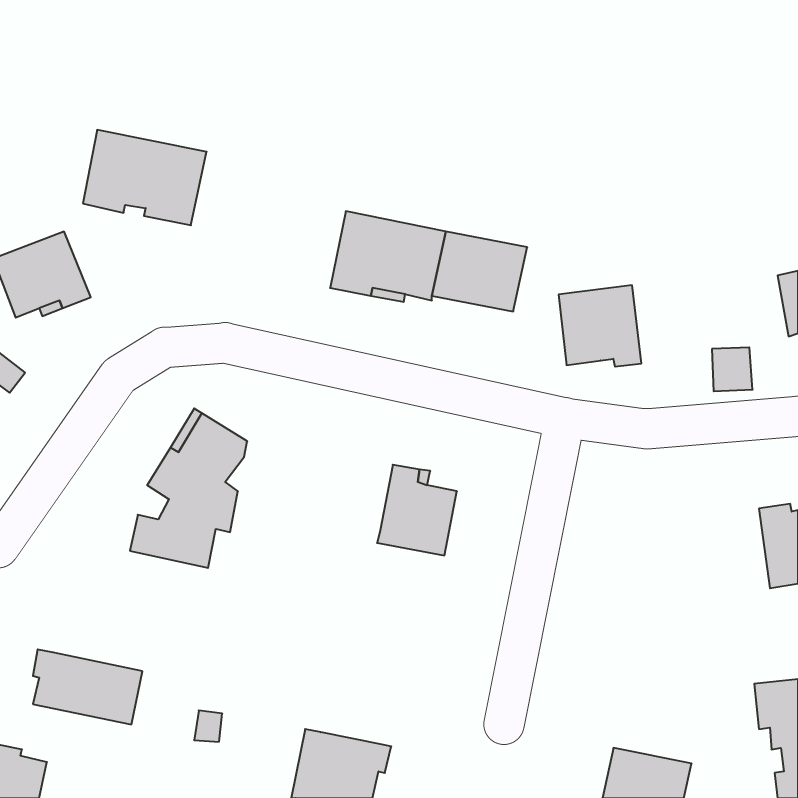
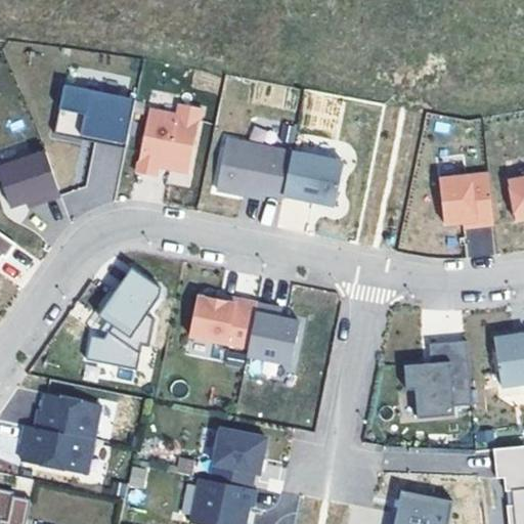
building: none -> [136,112,200,176]
building: [559,285,641,367] -> [439,172,493,225]
building: none -> [190,296,258,347]
building: none -> [404,340,472,418]
building: none -> [35,393,100,439]
building: none -> [210,428,266,487]

